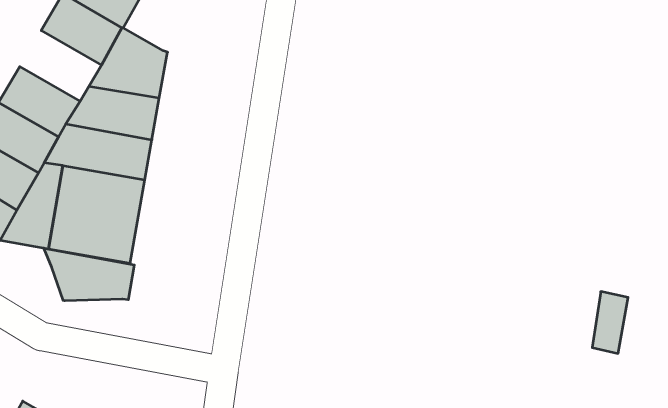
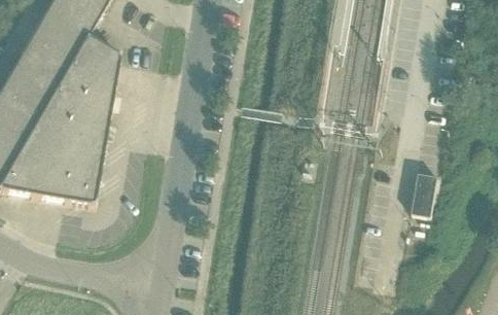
building: none -> [14,36,73,86]
building: [44,248,134,301] -> none
building: [592,292,628,353] -> [413,169,438,213]

